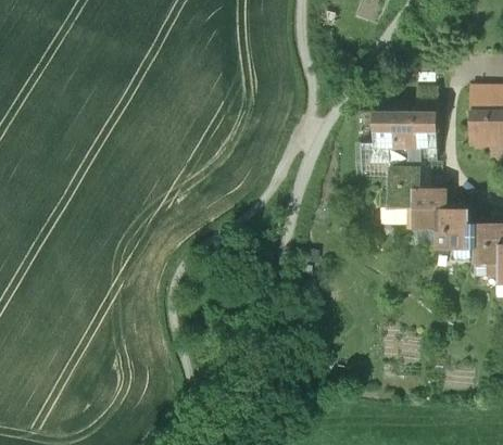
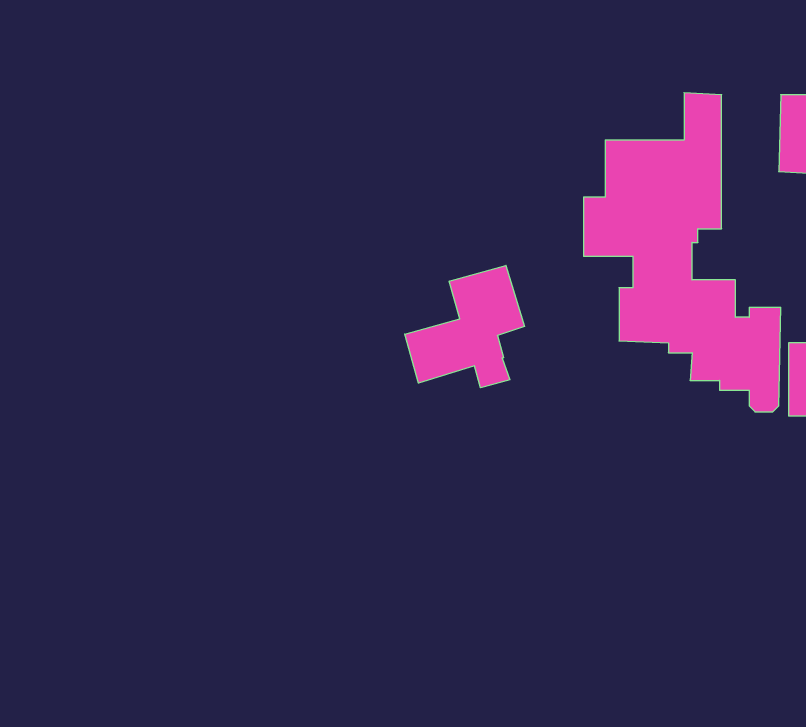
building: none -> [405,265,524,388]

